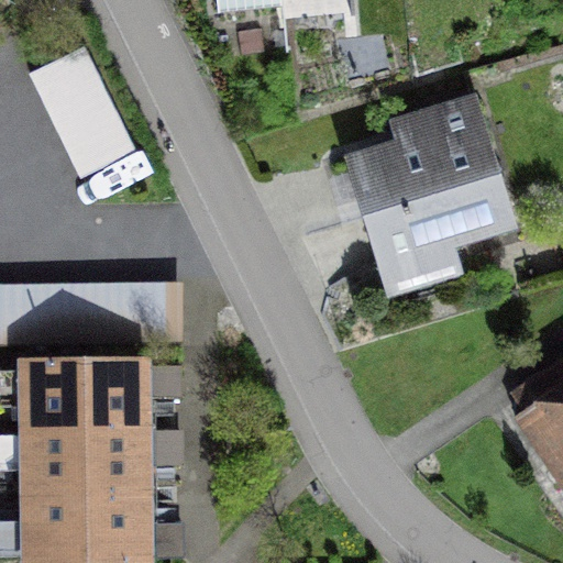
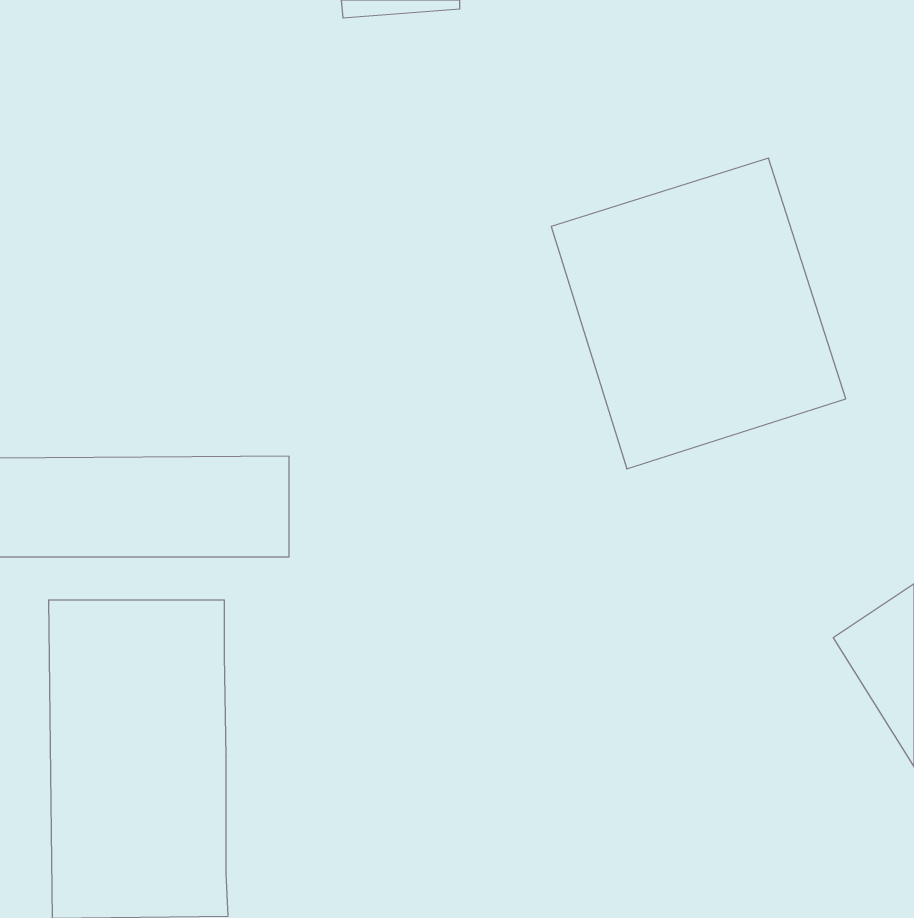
building: [37,63,142,194] -> none

